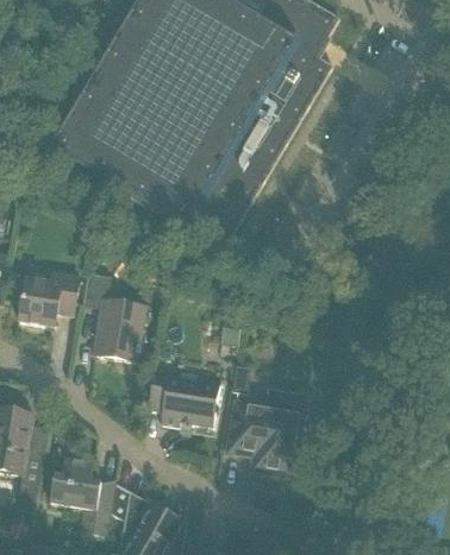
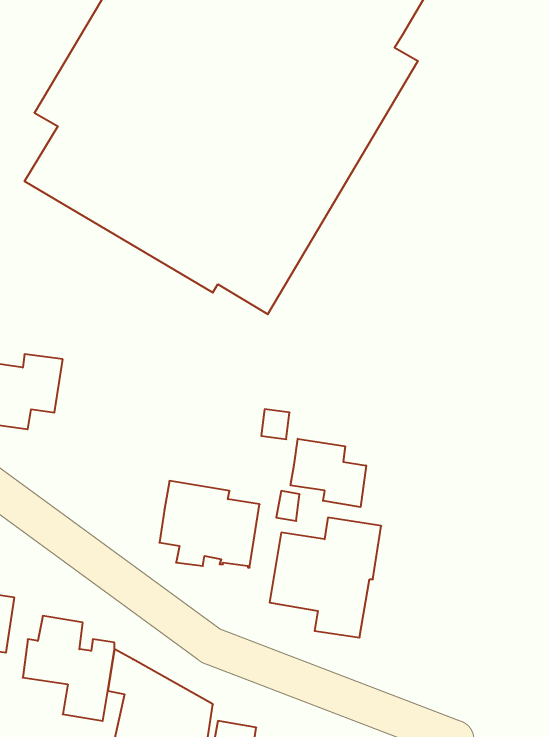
building: [83,272,146,360] -> none
building: none -> [291,439,366,507]

